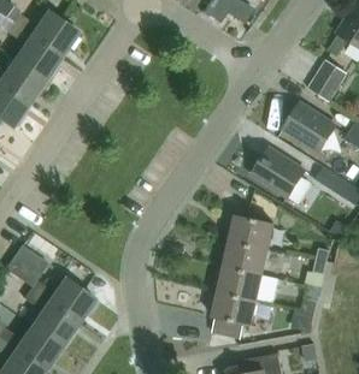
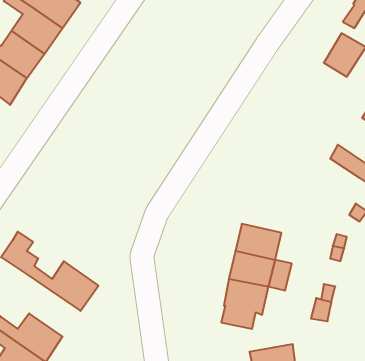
building: [283,102,336,152] -> none
building: [252,147,306,197] -> none
building: [231,215,273,249] -> none
building: [24,289,80,346] -> none

